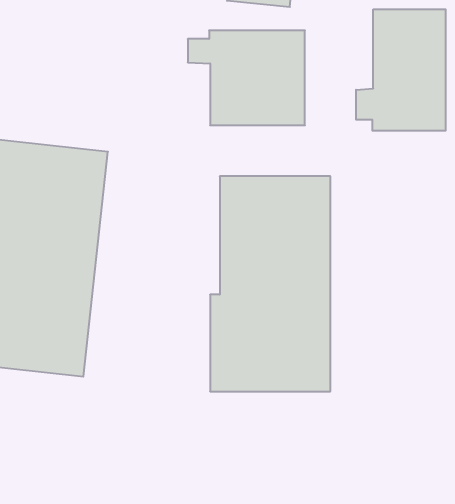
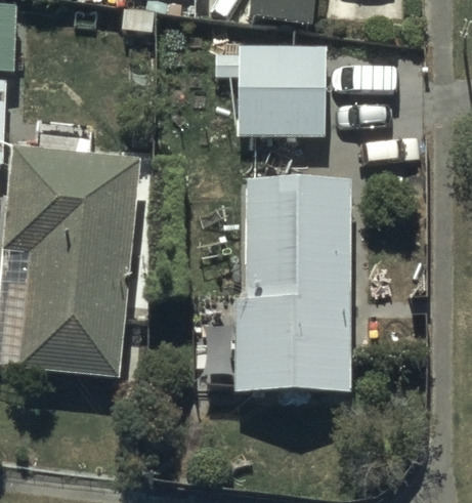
building: [356,9,446,131] -> none

